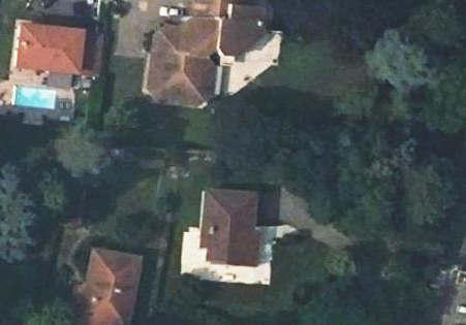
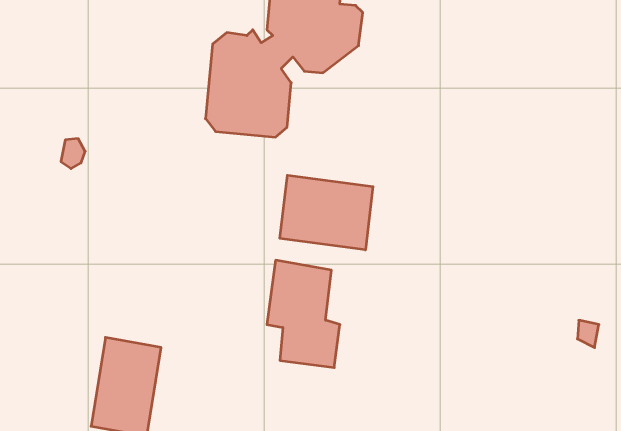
building: [20,21,107,68] -> none
building: none -> [280,175,373,250]

